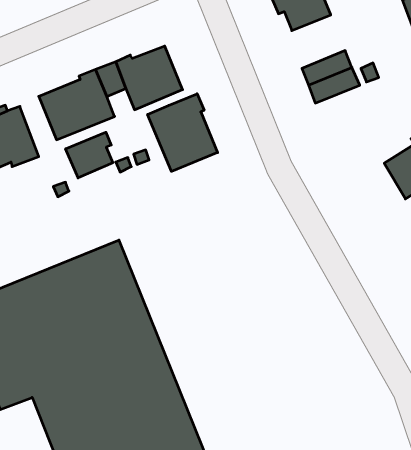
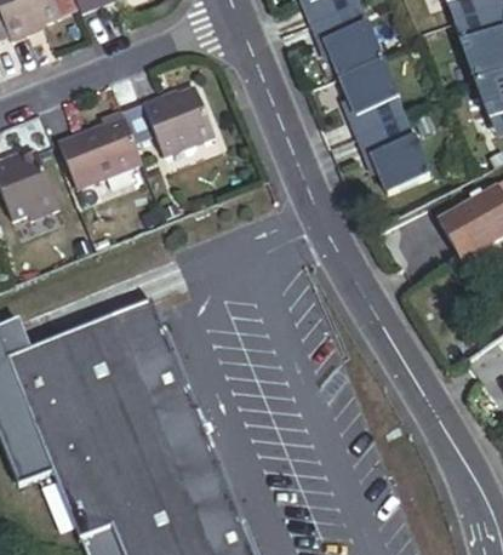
building: none -> [338,56,396,114]
building: none -> [364,132,428,188]
building: [148,94,218,171] -> none
building: [66,132,113,178] -> none

